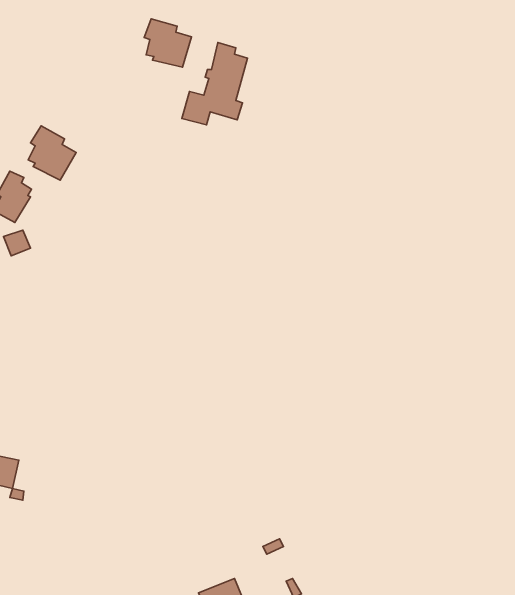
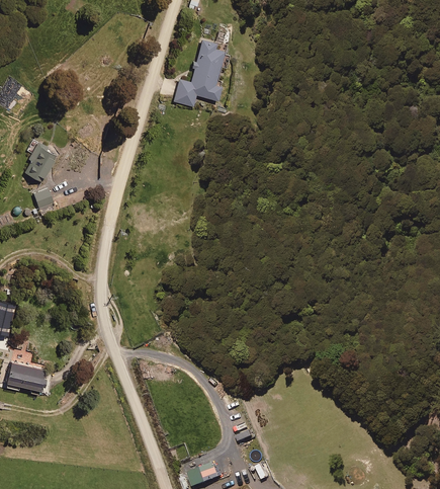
building: [144,19,192,67] -> none
building: [28,126,76,180] -> none

